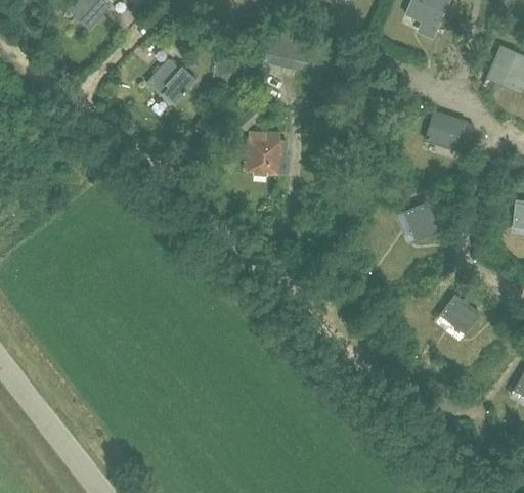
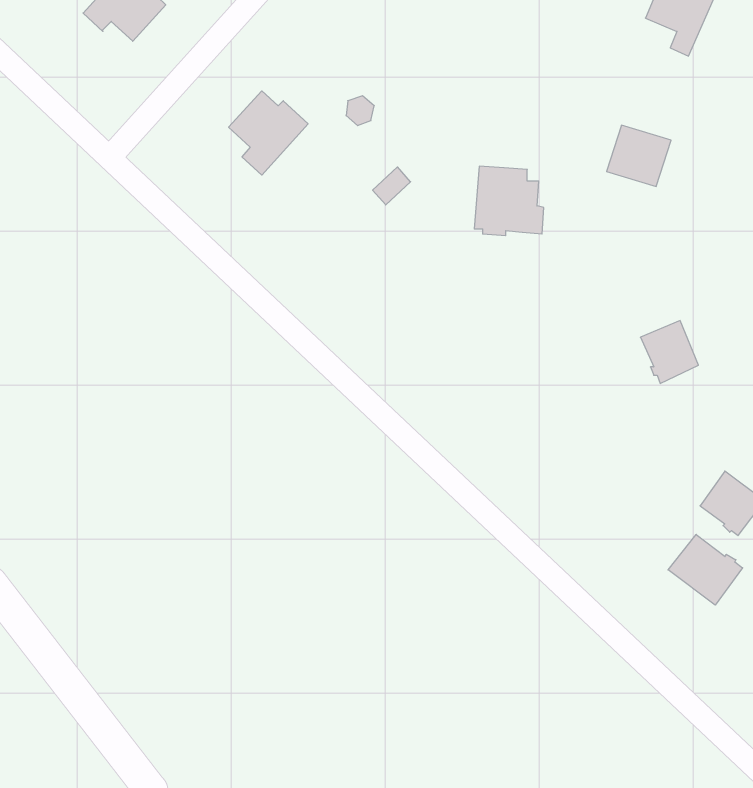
building: [425,111,465,149] -> [607,125,671,186]
building: [247,132,290,175] -> [474,166,544,236]
building: none -> [668,534,743,605]

